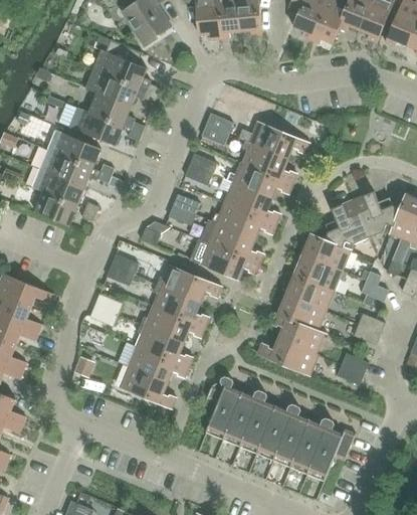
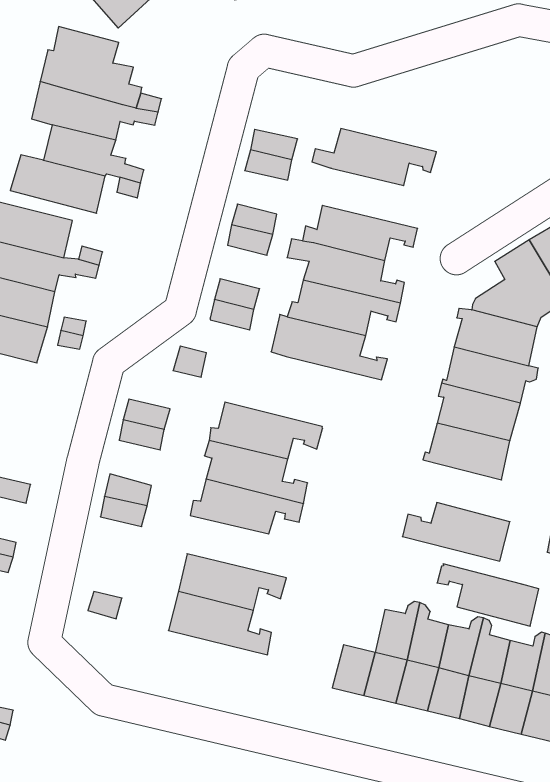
building: [241,139,296,182] -> none
building: [188,237,259,279] -> none
building: [270,312,327,354] -> [437,564,539,626]
building: [136,323,193,366] -> none
building: [207,376,241,415] -> none

